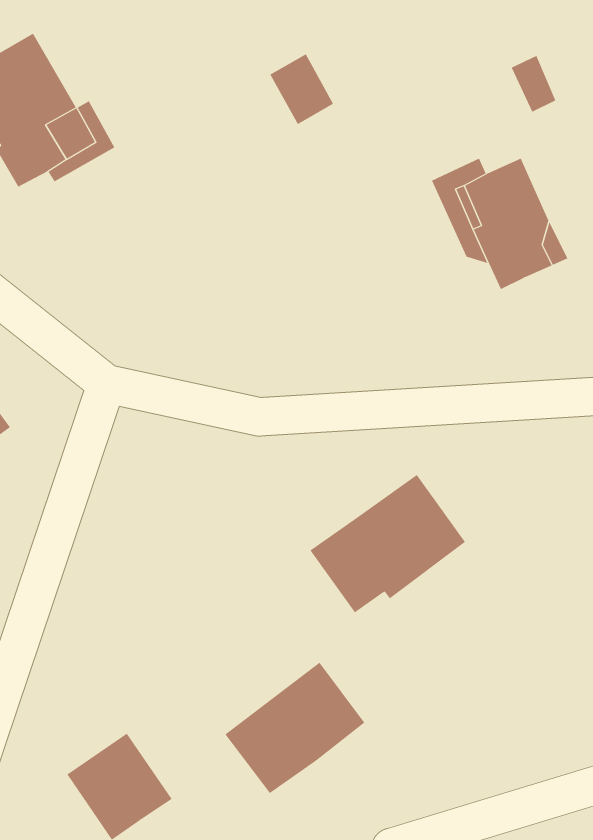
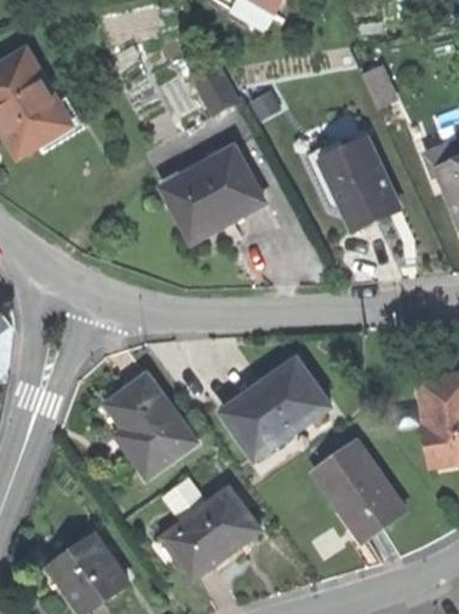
building: none -> [157,149,262,242]
building: none -> [105,375,194,477]
building: none -> [314,443,402,539]

